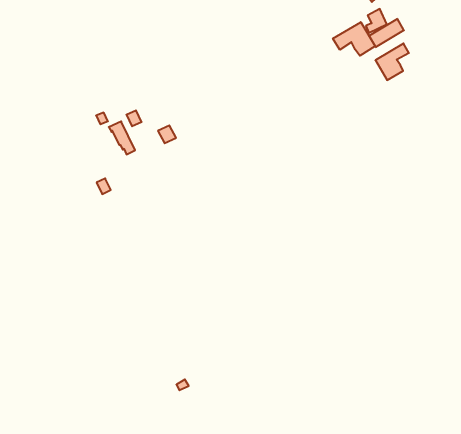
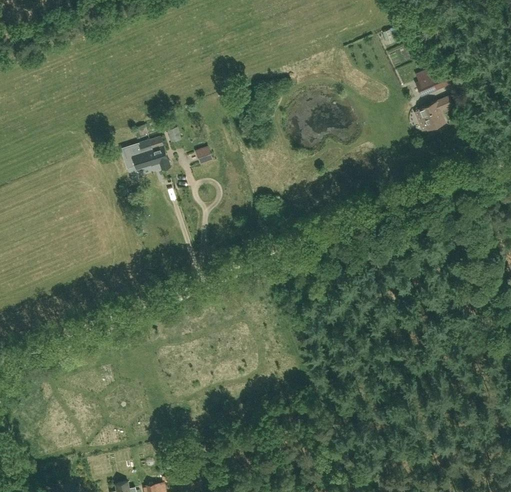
building: [333,22,375,56] -> none
building: none -> [131,142,157,171]

